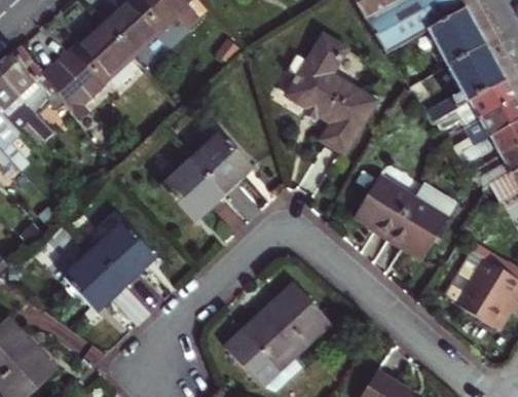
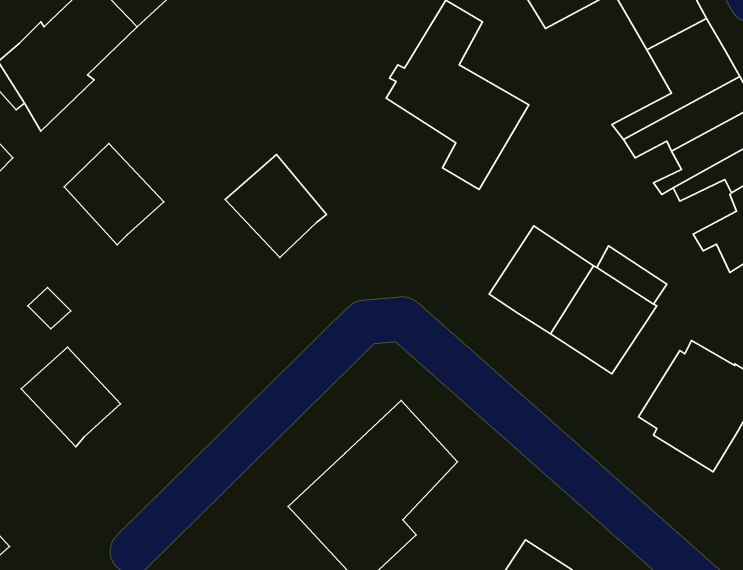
building: [161,157,223,220] -> [64,144,164,245]
building: [91,221,153,284] -> none

